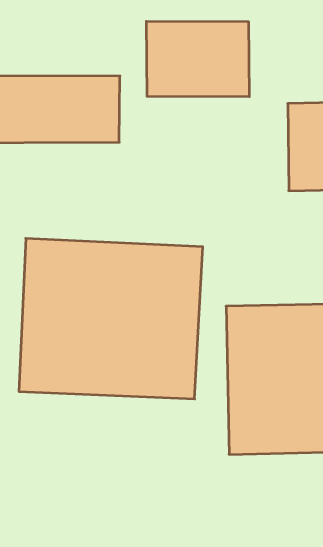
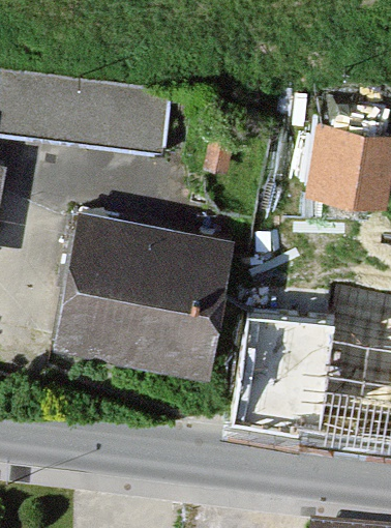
building: [146,21,249,97] -> none

